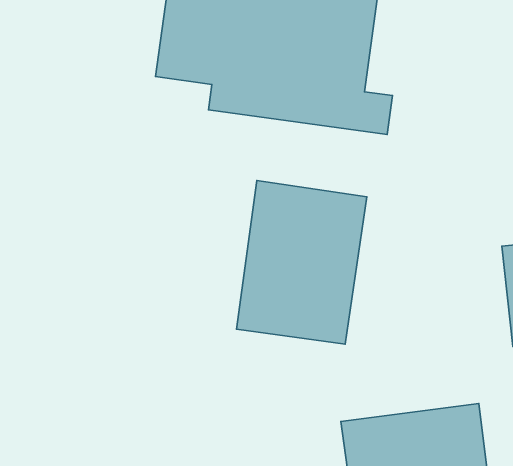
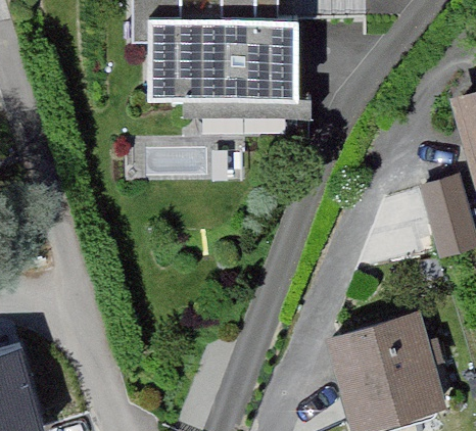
building: [236,181,367,344] -> none

